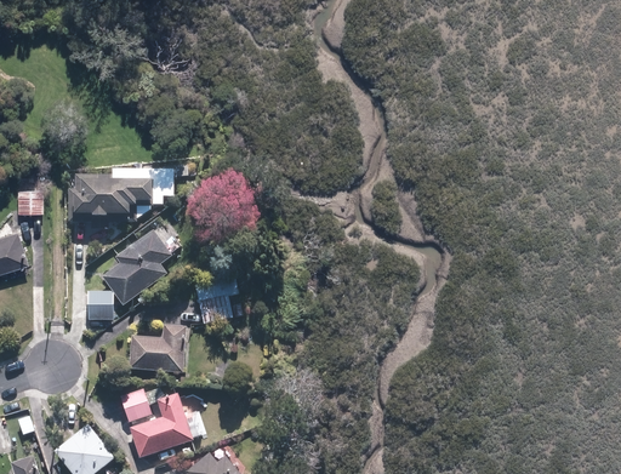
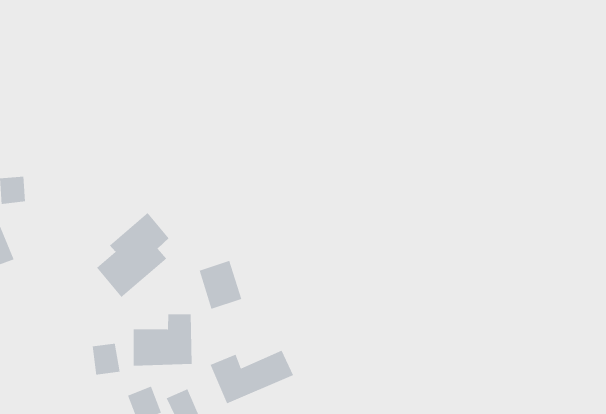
building: [70,175,152,215] -> none
building: [89,292,113,320] -> [92,343,120,375]
building: none -> [210,350,294,404]

